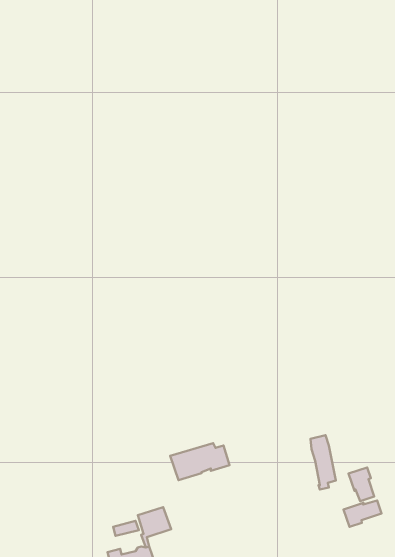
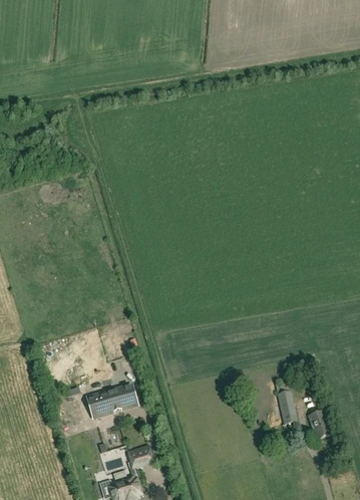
building: [170,443,229,480] -> [85,385,136,417]
building: [343,500,382,527] -> none

